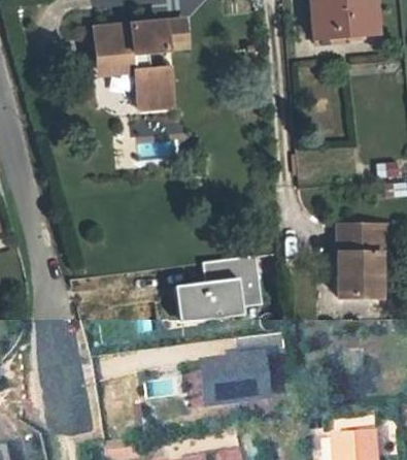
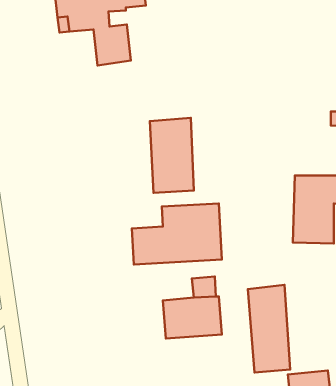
building: none -> [150,118,194,193]
building: none -> [248,285,290,372]

